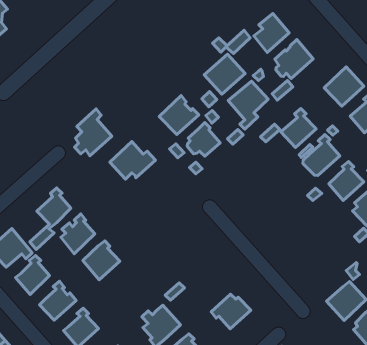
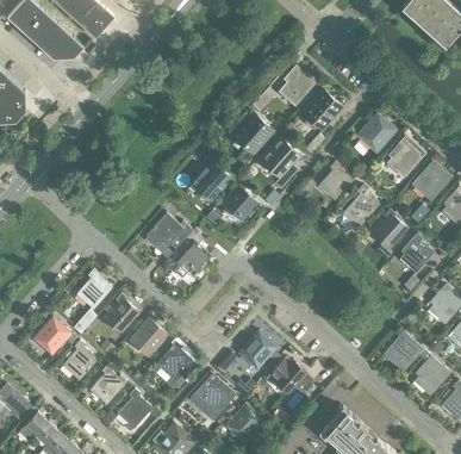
building: [74,109,112,156] -> [174,229,211,278]
building: none -> [237,329,278,373]
building: none -> [155,341,194,381]

